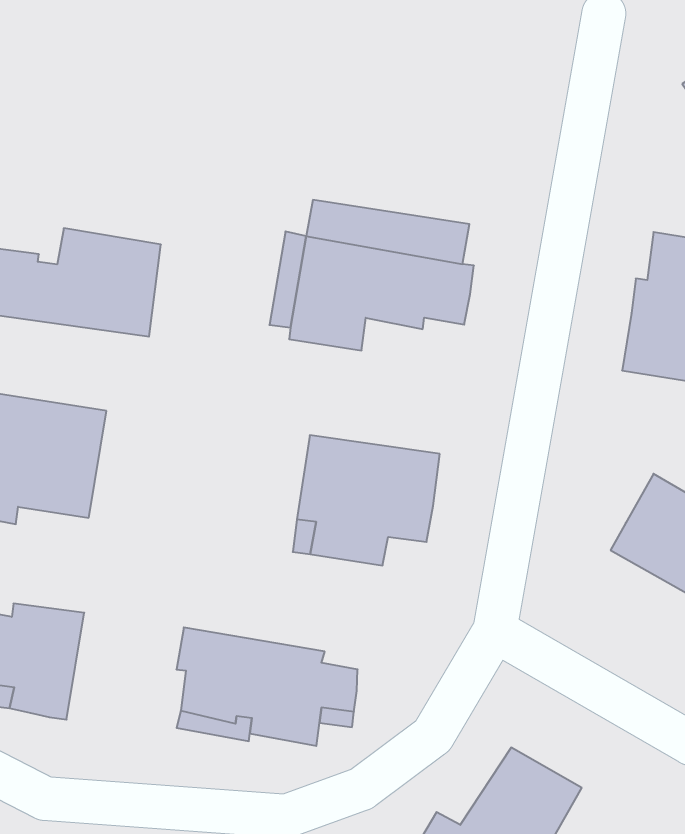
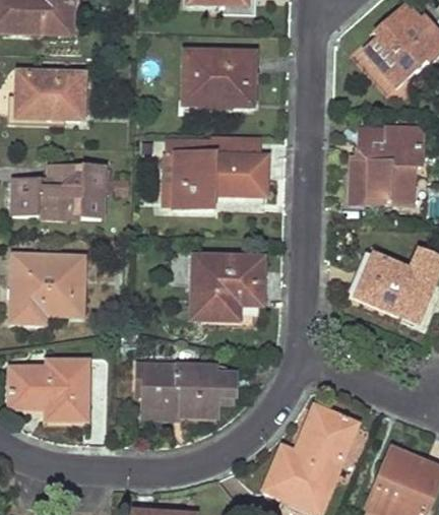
building: none -> [16,73,83,119]
building: none -> [185,54,252,106]

